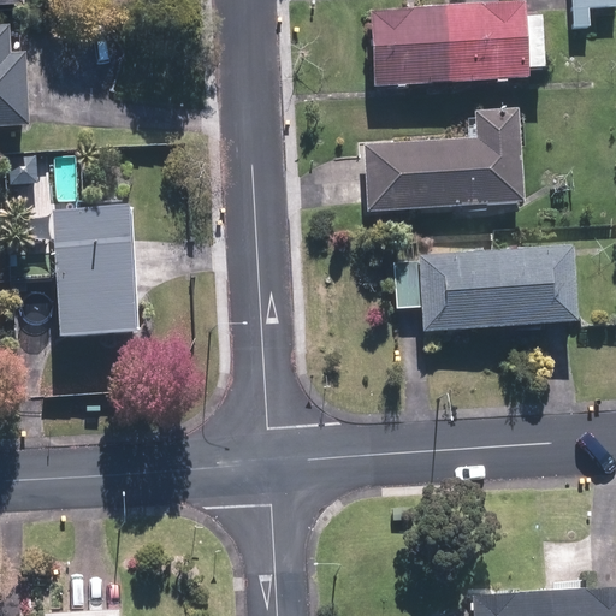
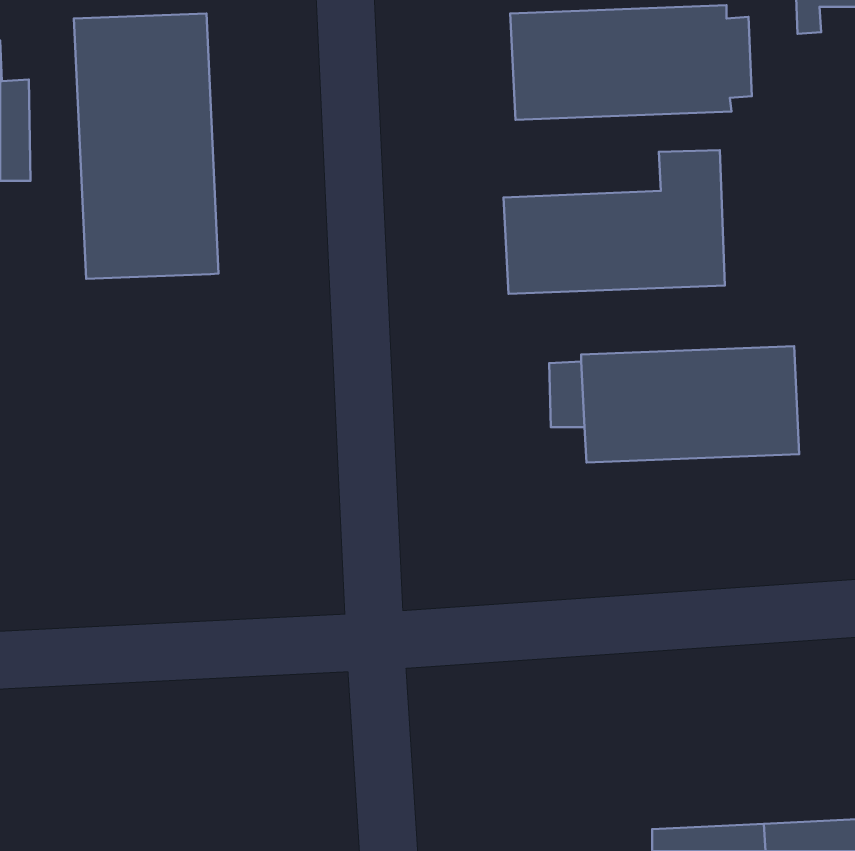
building: none -> [74,13,219,279]
building: [53,205,136,338] -> none

